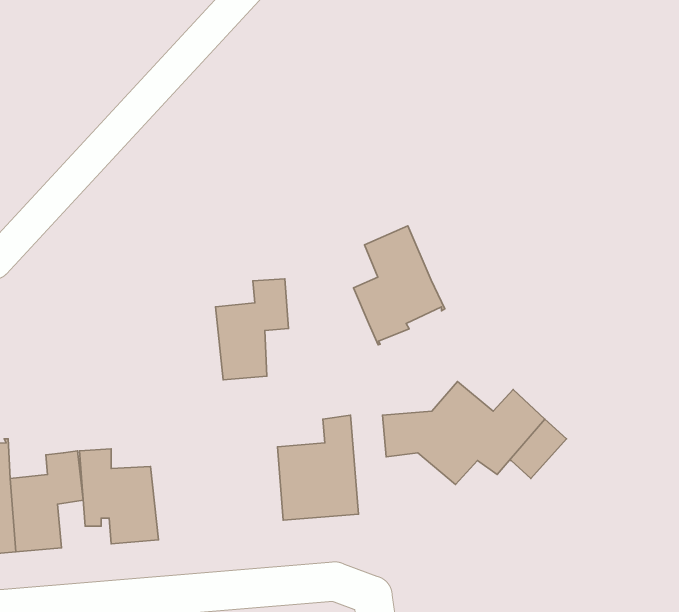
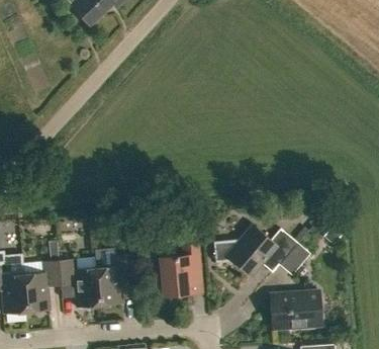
building: [353,226,445,345] -> none
building: [215,279,289,380] -> [95,253,132,304]
building: none -> [272,288,318,330]

